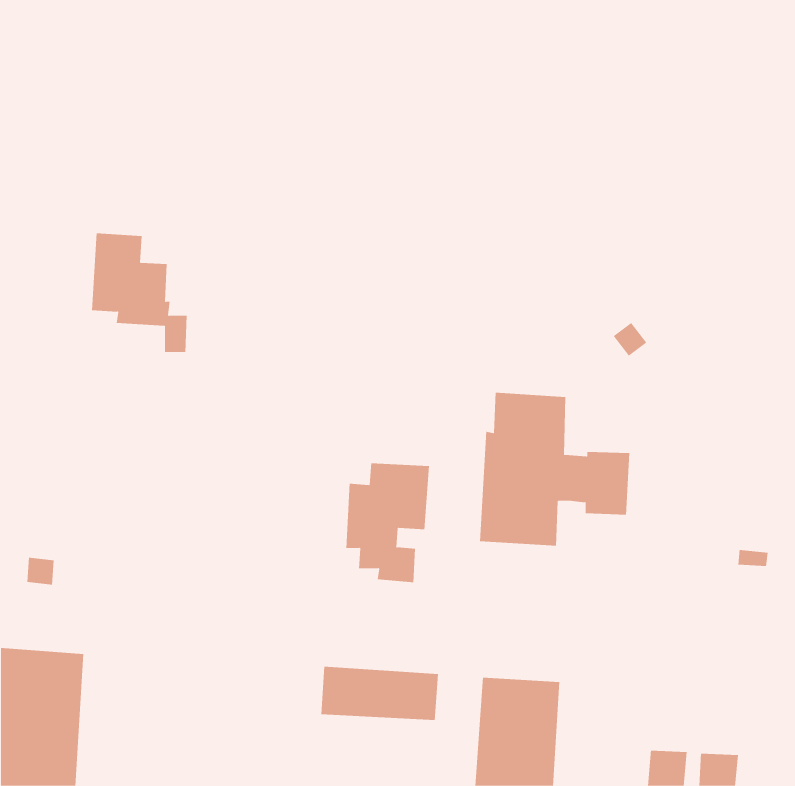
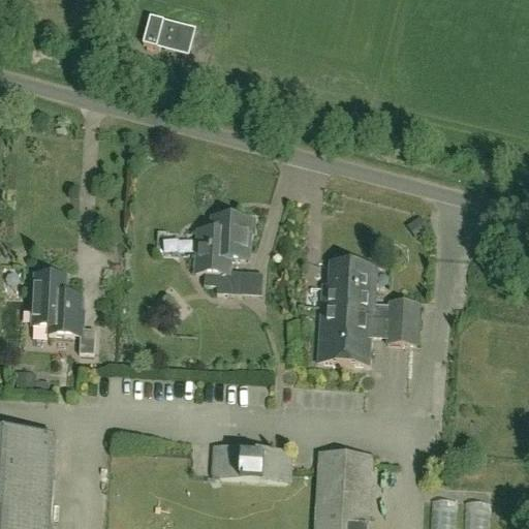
building: none -> [144,17,193,54]
building: [91,233,188,353] -> [31,272,95,351]
building: [346,463,430,583] -> [196,213,252,292]

